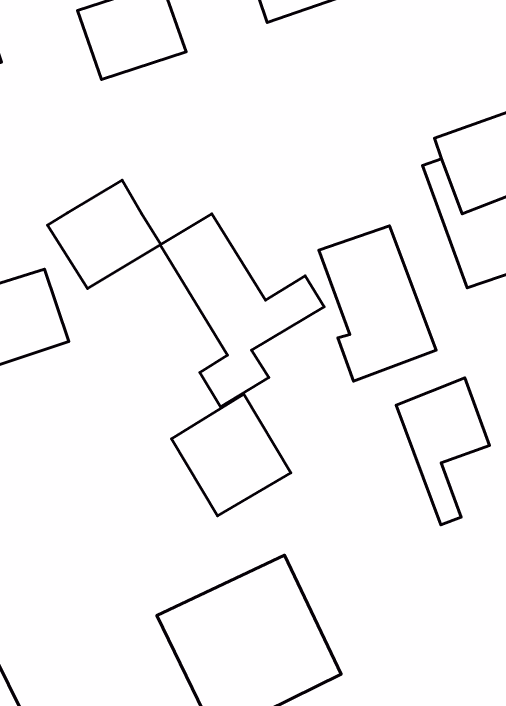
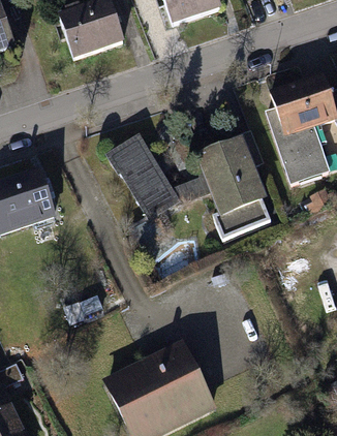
building: [47,180,161,289] -> none
building: [396,378,490,525] -> none
building: [172,394,291,516] -> none

